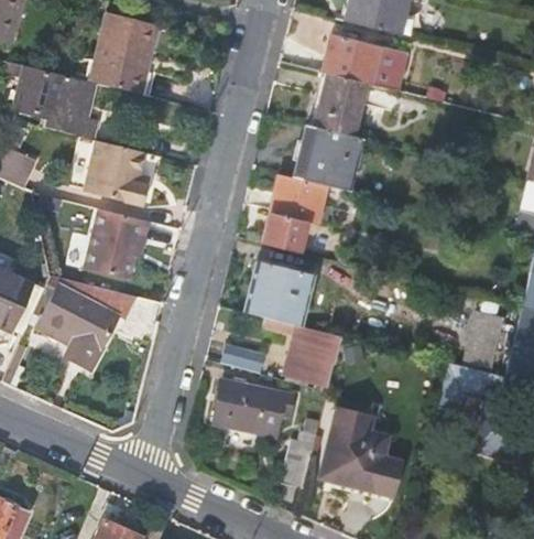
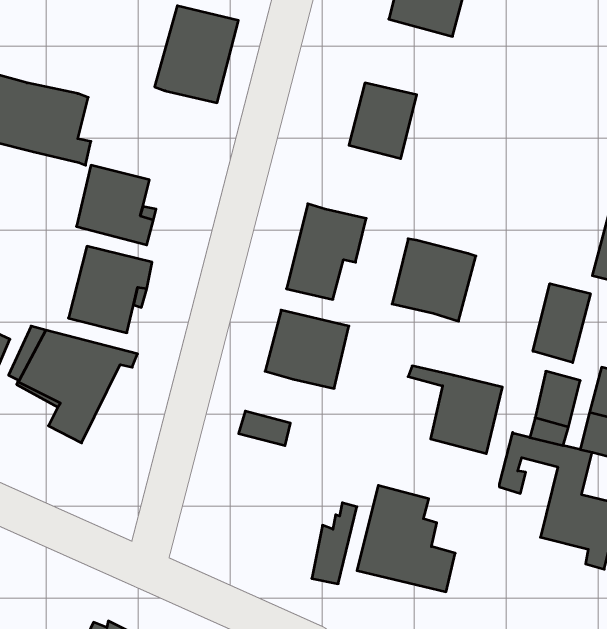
building: [88,13,157,94] -> [155,6,238,103]
building: [322,36,396,86] -> none
building: [293,122,362,191] -> [392,239,476,321]
building: none -> [533,284,590,363]
building: [263,317,341,390] -> [408,366,502,454]
building: [214,378,294,435] -> none

